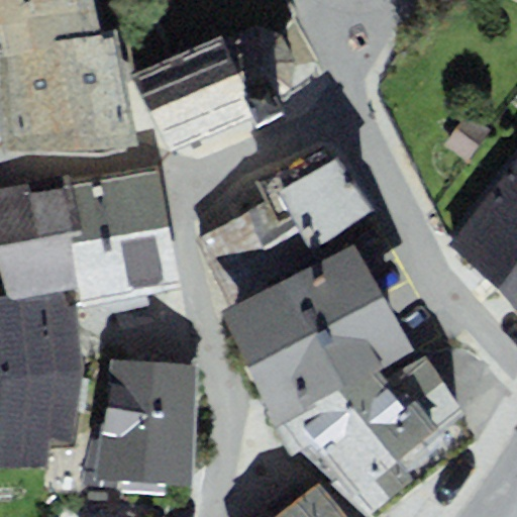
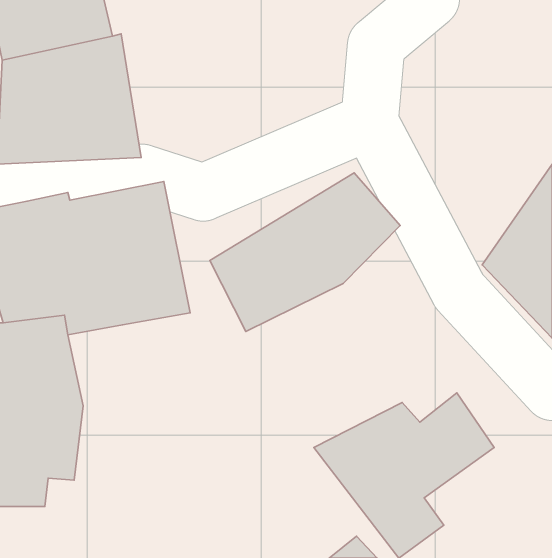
building: [121,24,292,158] -> none
building: [218,242,409,421] -> none
building: [122,370,203,492] -> none

